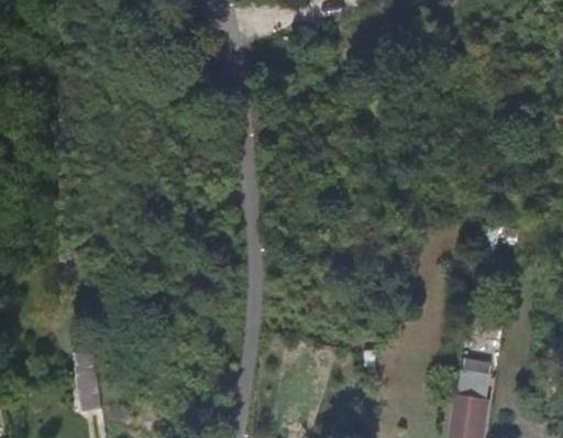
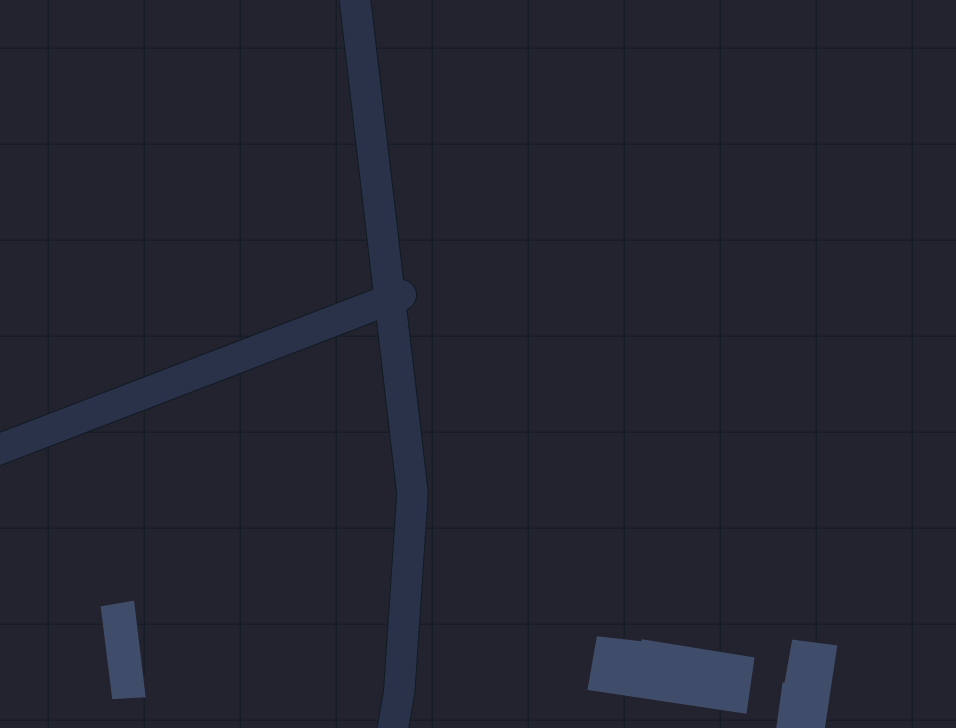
building: none -> [587,636,755,714]

